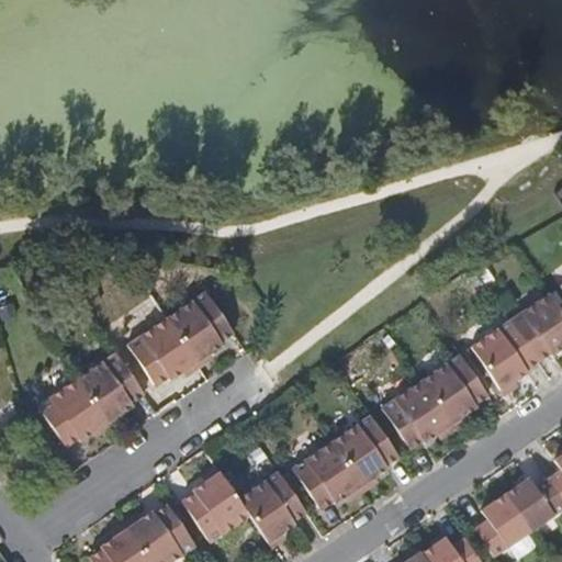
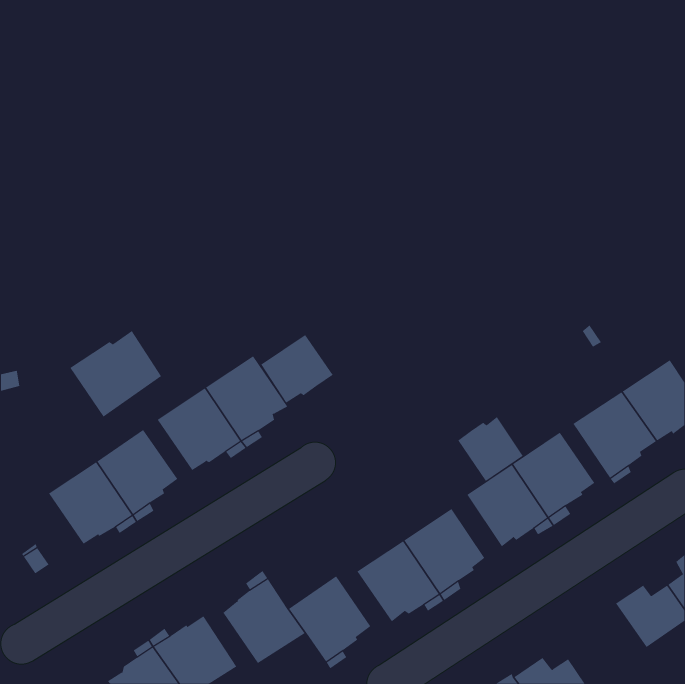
building: none -> [70,330,162,418]
building: none -> [261,334,333,403]
building: none -> [457,416,524,482]
building: [473,494,529,555] -> none

